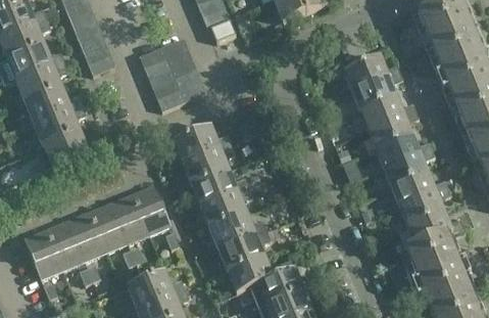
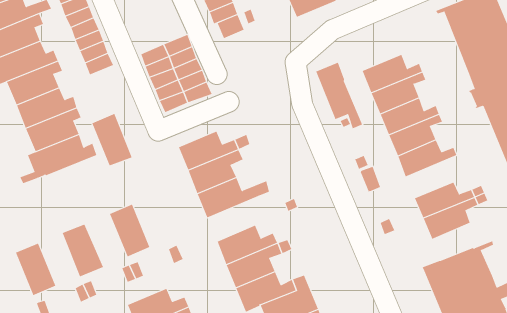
building: none -> [316,62,363,129]
building: [383,149,434,189] -> none
building: [132,185,169,234] -> [92,113,133,166]
building: [200,187,252,229] -> none
building: [88,203,127,253] -> none
building: [407,212,463,246] -> none
building: [45,221,83,270] -> none

